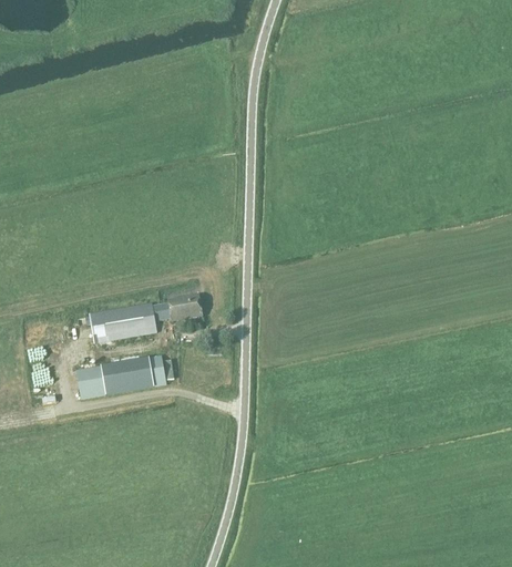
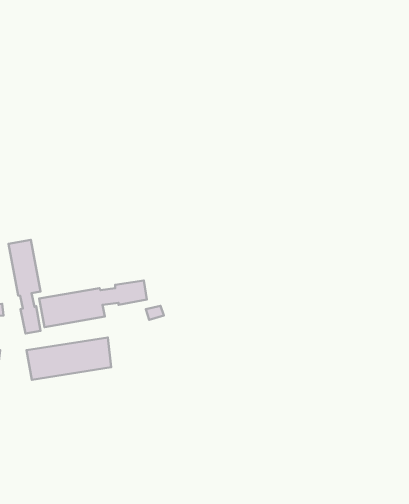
building: none -> [9,240,41,334]

